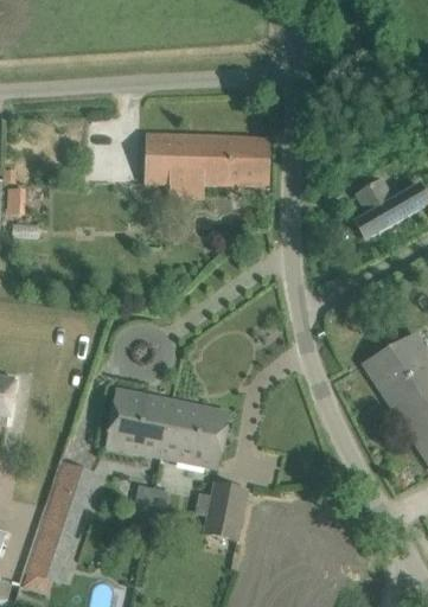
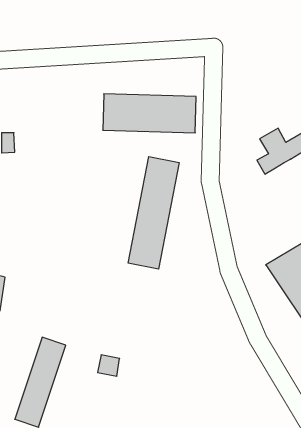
building: none -> [128,157,179,269]
building: [108,389,229,467] -> none
building: [204,479,251,539] -> none

